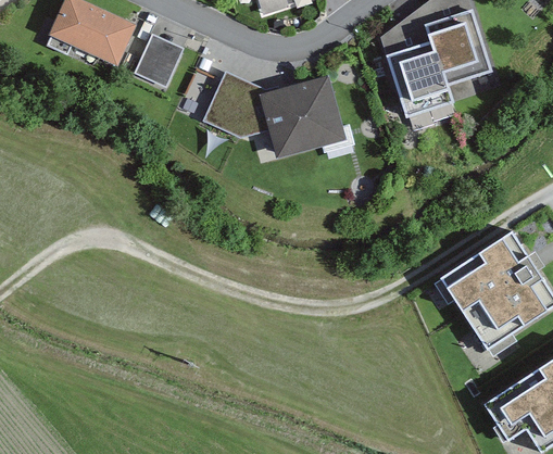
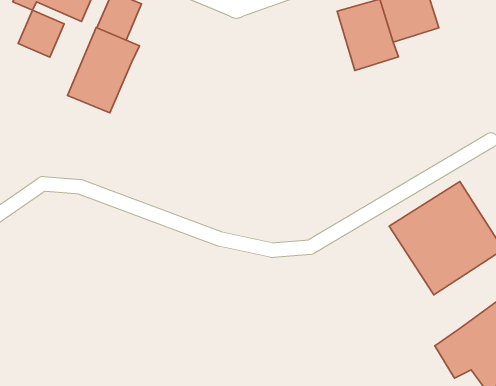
building: none -> [18,10,64,57]
building: [203,70,345,157] -> none
building: none -> [68,27,139,113]

